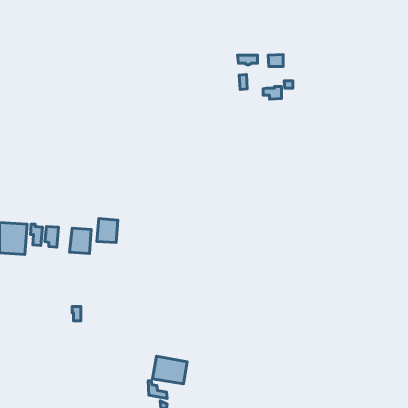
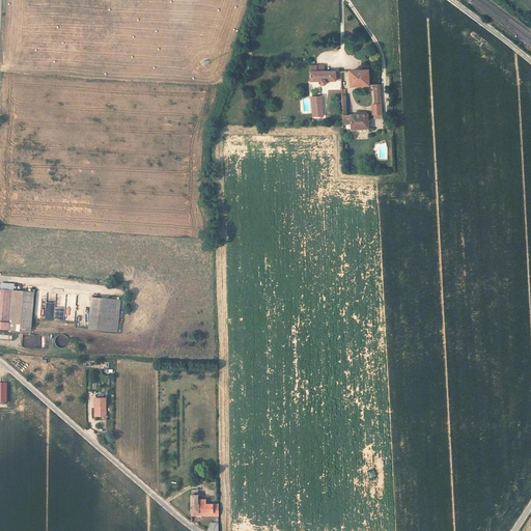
building: [97,218,118,242] -> none
building: [152,356,187,384] -> none

